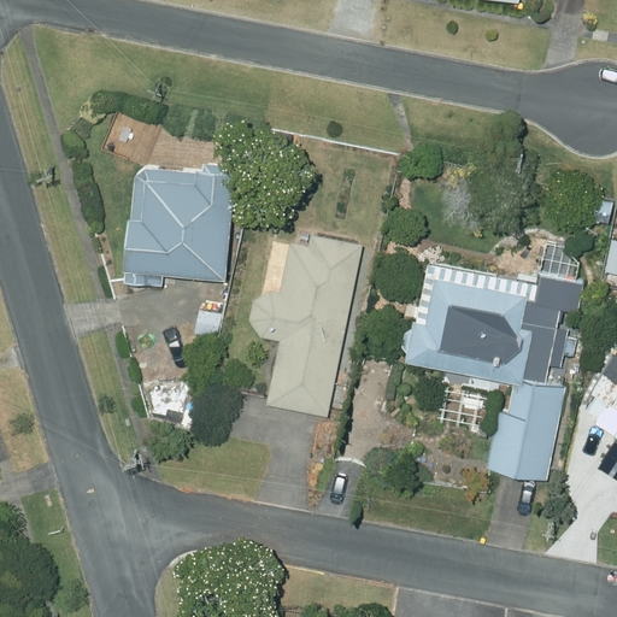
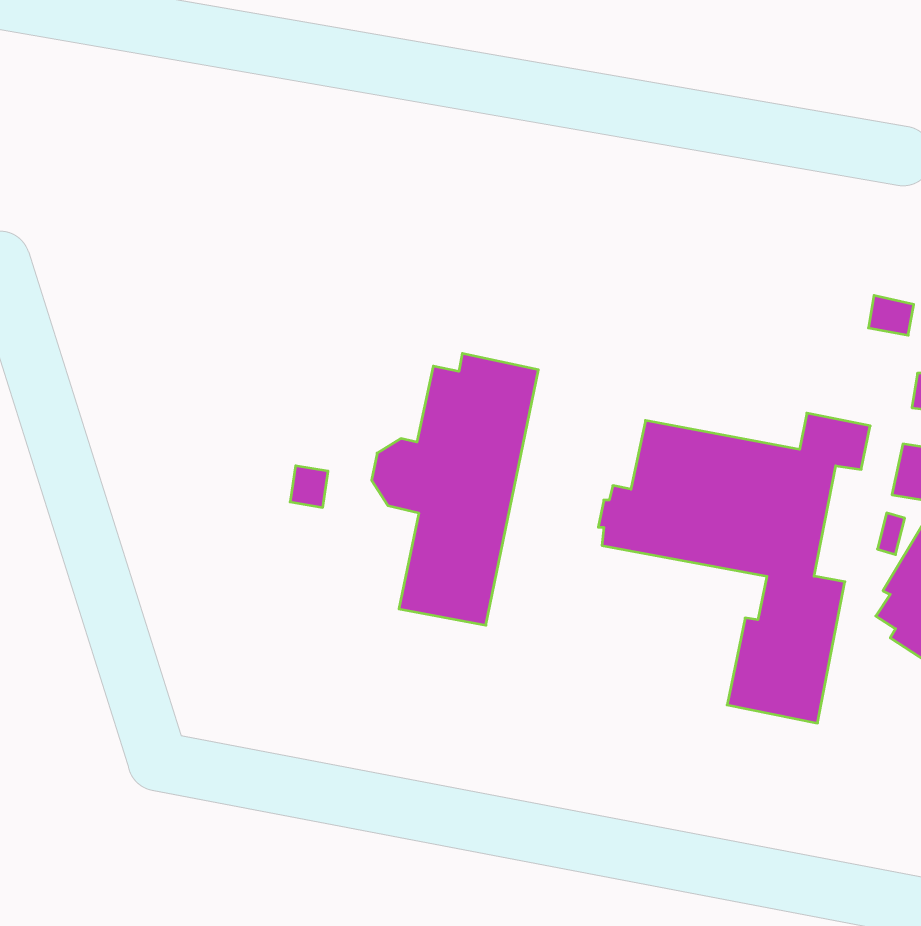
building: [124,165,234,286] -> none

